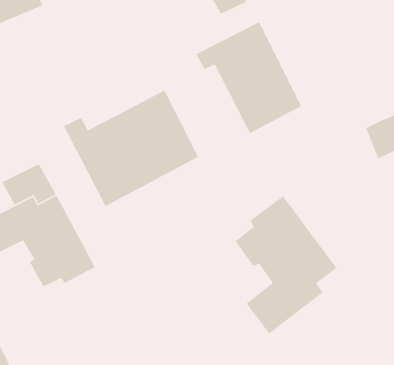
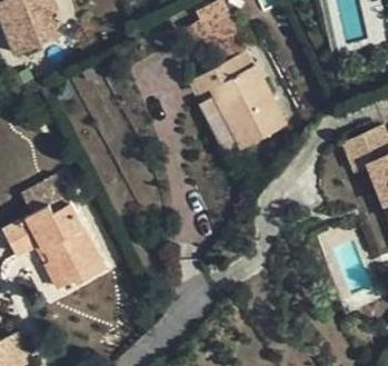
building: [63,89,199,207] -> none
building: [234,195,338,335] -> none

